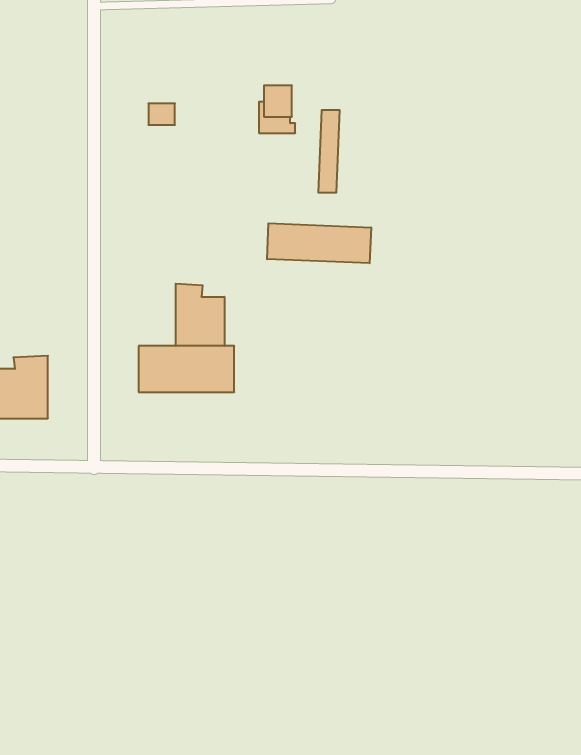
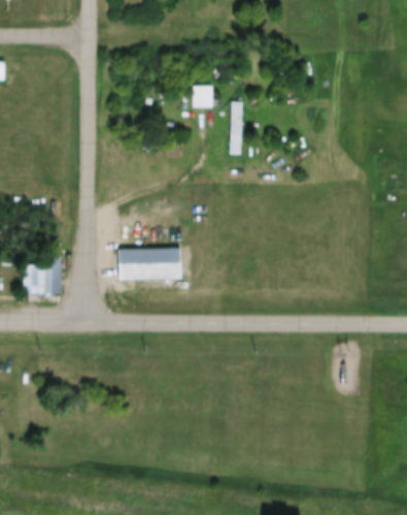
building: [267,223,371,263] -> none
building: [176,284,224,346] -> none

